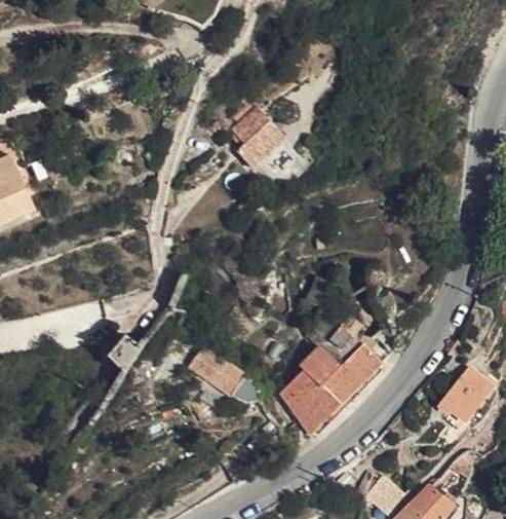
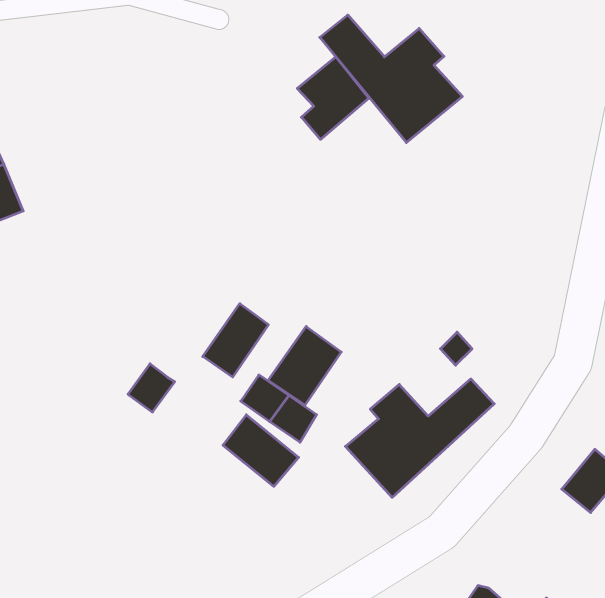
building: none -> [320,15,462,143]
building: none -> [203,304,268,377]
building: none -> [268,326,341,405]

